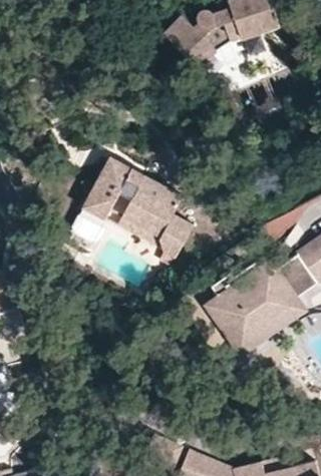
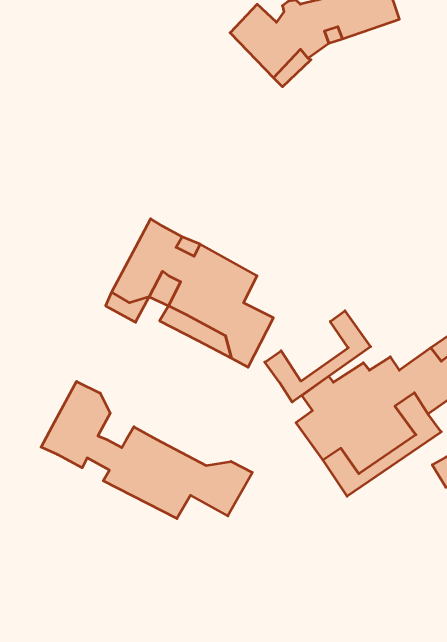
building: none -> [265,311,371,402]
building: none -> [41,381,252,519]

